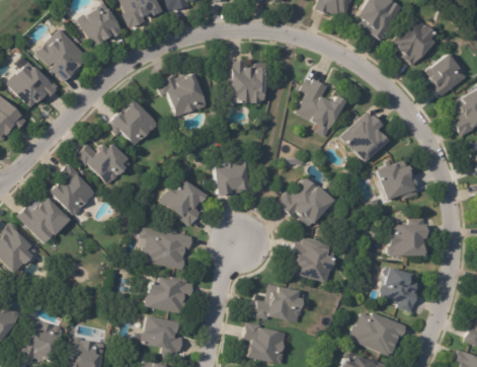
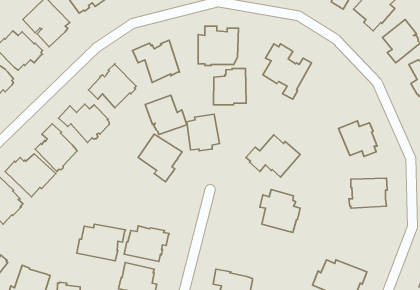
building: none -> [214,68,246,105]
building: [339,112,389,161] -> none
building: none -> [145,95,187,135]
building: [141,230,193,270] -> [77,224,125,261]
building: [381,267,419,312] -> none
building: [254,284,305,321] -> none

